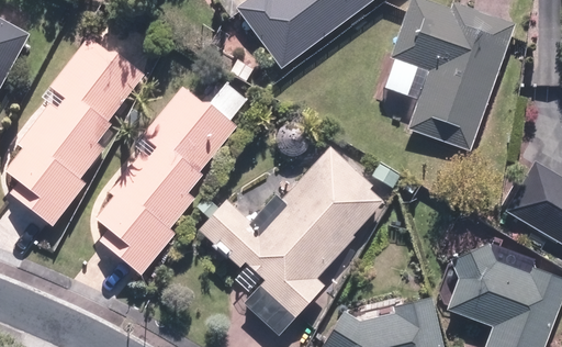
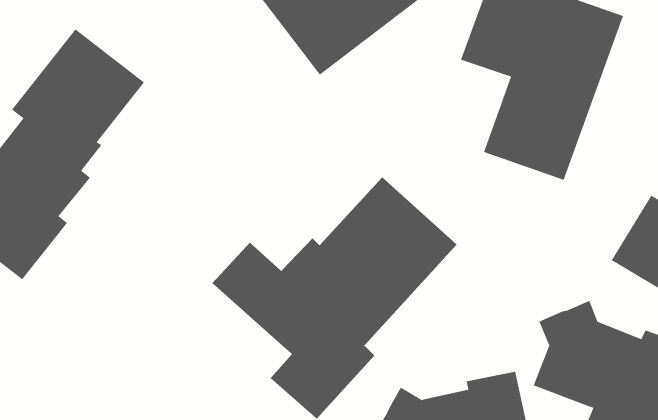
building: [95,85,236,276] -> none

